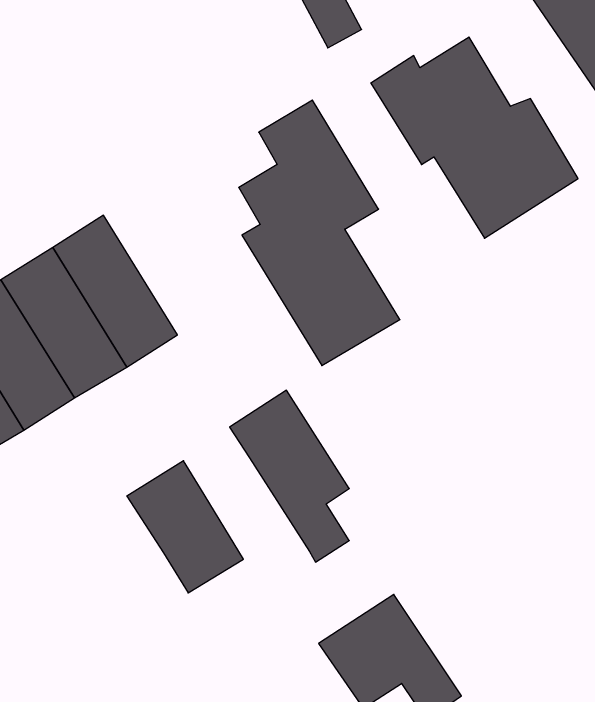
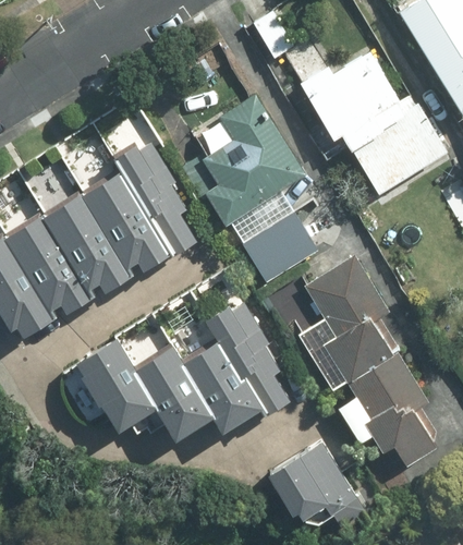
building: none -> [109,153,198,259]
building: none -> [304,254,437,458]
building: none -> [70,344,151,438]
building: none -> [178,347,255,436]

